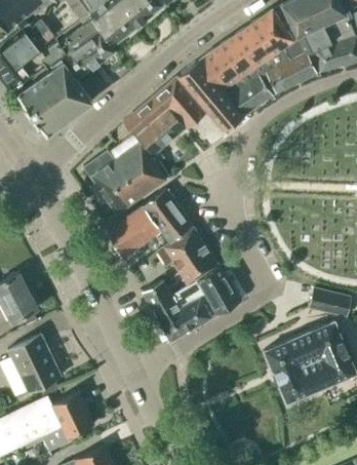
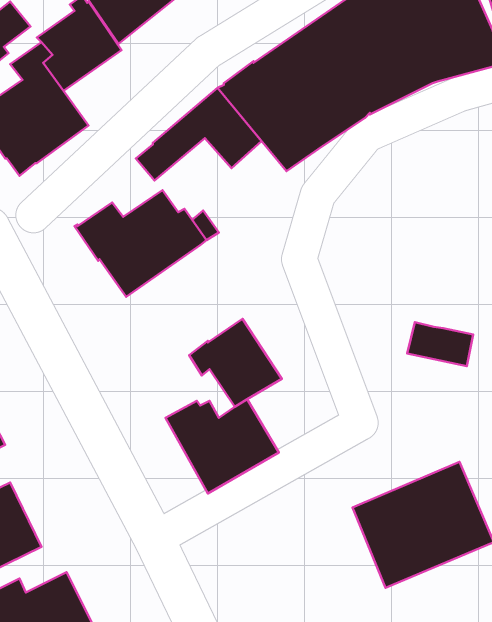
building: [135,110,186,156] -> none
building: [108,190,194,257] -> none
building: [196,267,241,315] -> none
building: [308,288,351,317] -> [407,322,473,366]

